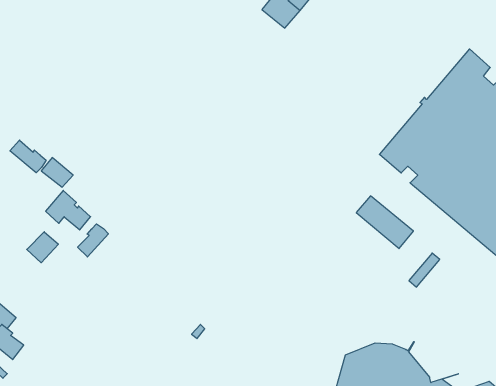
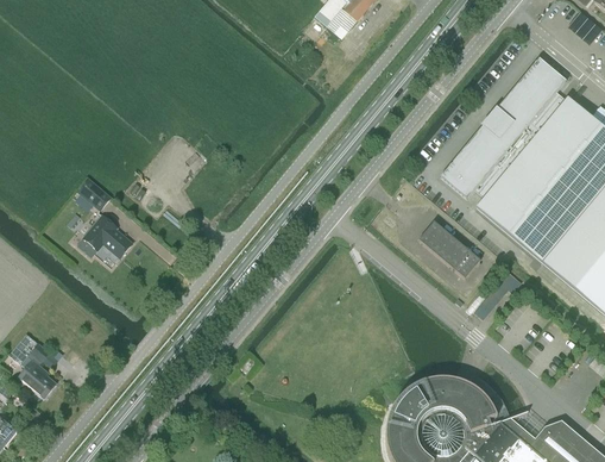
building: [10,140,46,173] -> none
building: [78,224,108,257] -> none
building: [27,232,58,263] -> none

